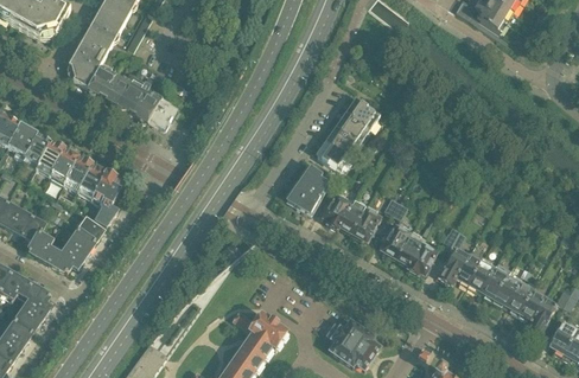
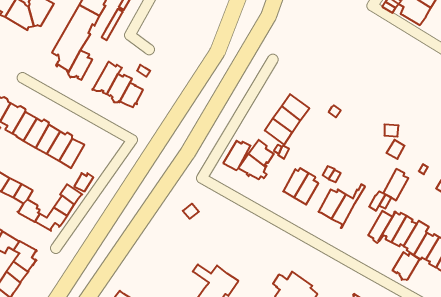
building: [102,71,132,107] -> none
building: [346,97,378,128] -> none
building: [90,169,122,207] -> none
building: [320,193,352,228] -> [223,141,251,170]
building: [407,239,437,276] -> [383,169,408,200]
building: none -> [393,252,420,280]

